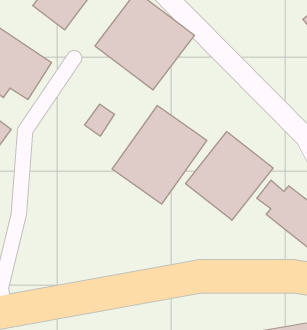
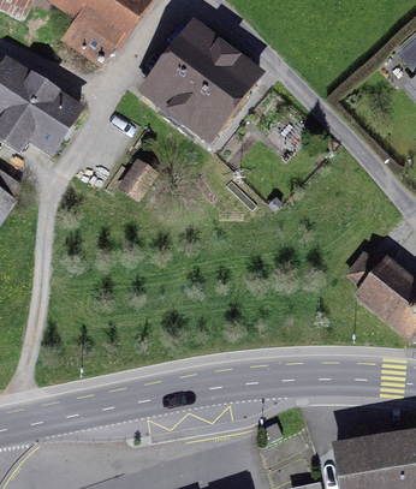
building: [112,105,207,204] -> none
building: [186,132,273,220] -> none

